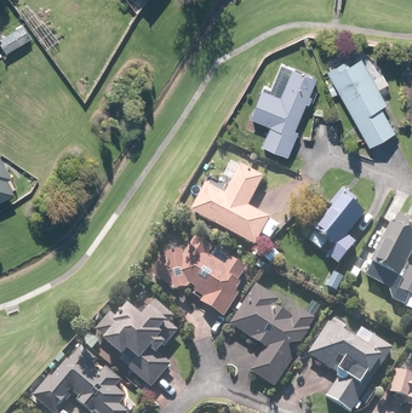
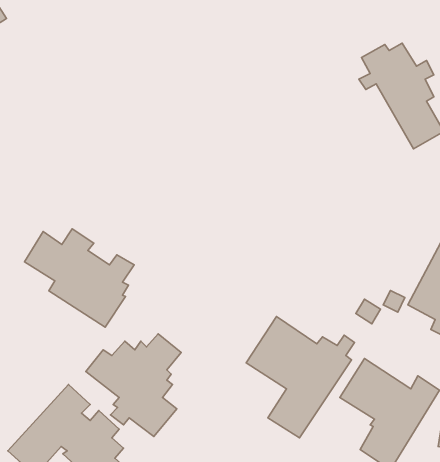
building: [250,59,316,155] -> none
building: [188,161,269,246] -> none
building: [309,189,365,264] -> none
building: [154,235,246,317] -> [24,229,134,327]

